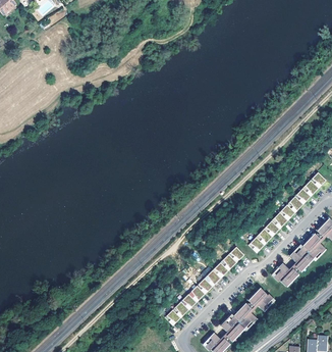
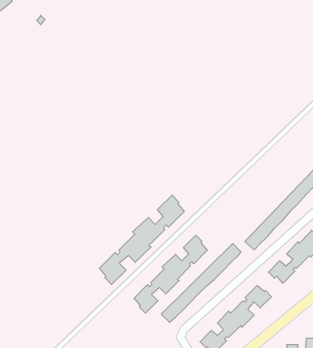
building: none -> [99,195,184,285]
building: none -> [134,235,207,313]

